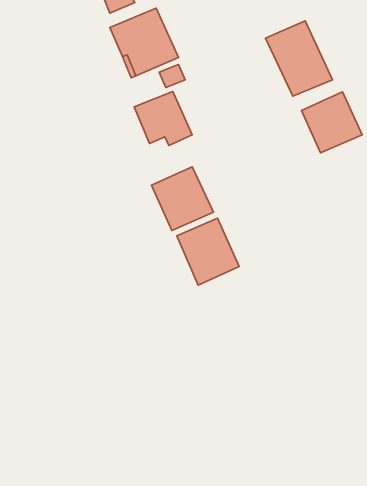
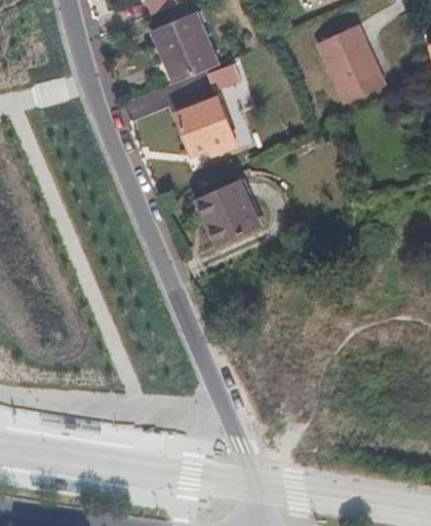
building: [301,92,362,153] -> none
building: [177,218,239,285] -> none

